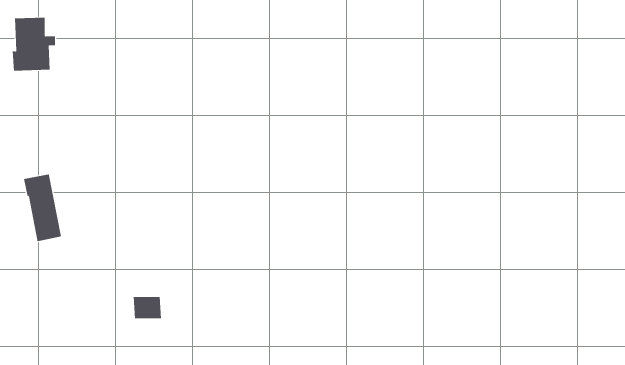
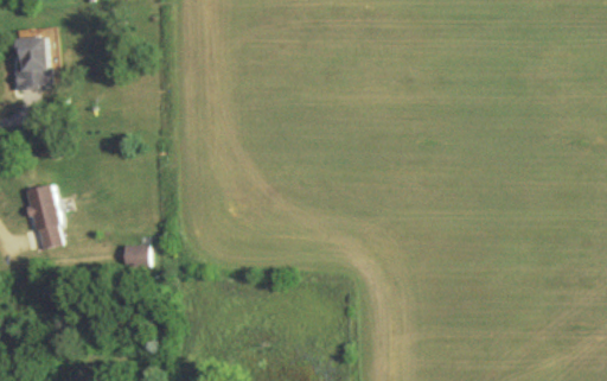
building: [133,296,162,319] -> [120,245,147,266]

